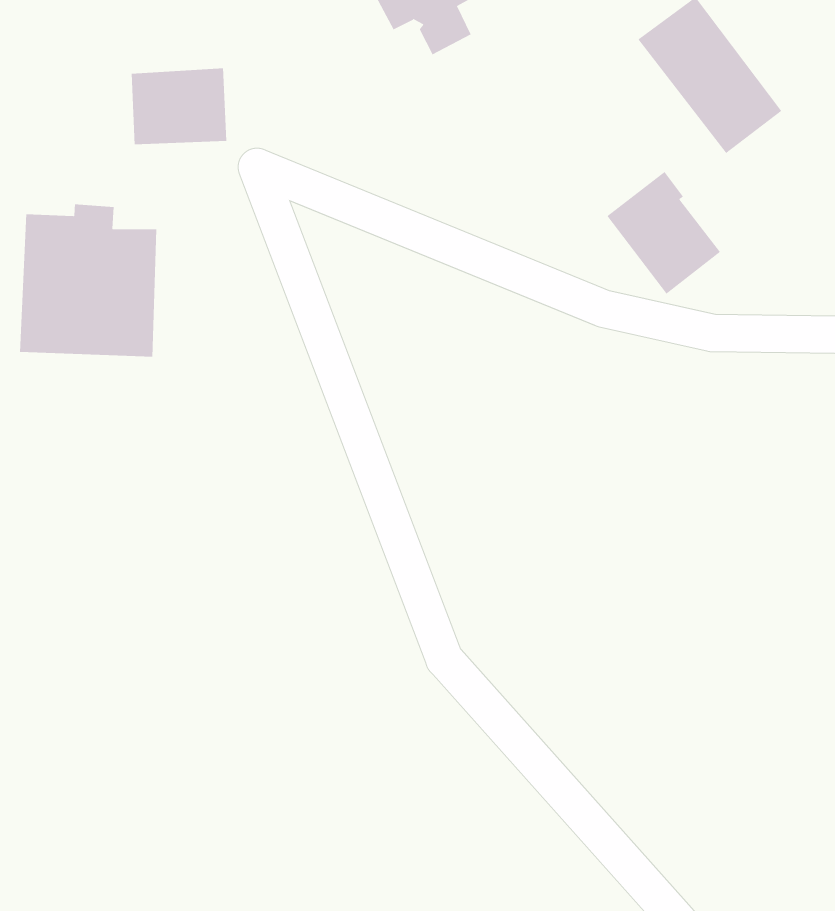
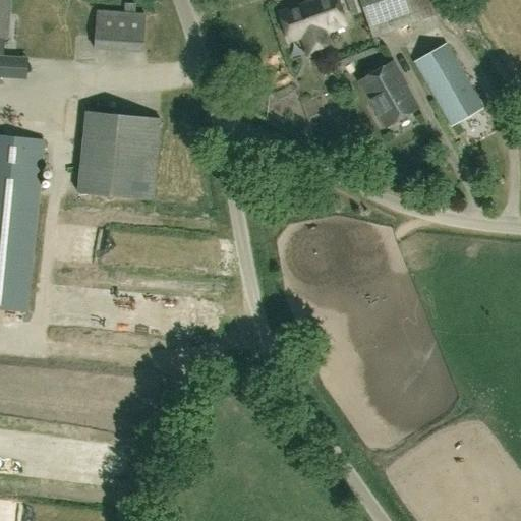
building: [131,68,227,145] -> [94,11,144,52]
building: [607,171,721,294] -> [360,62,416,125]

